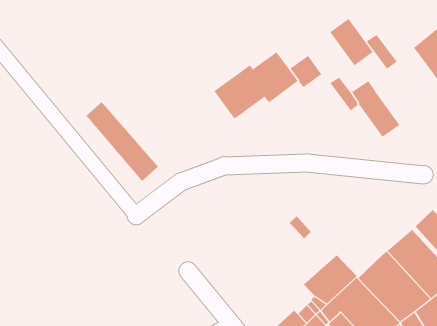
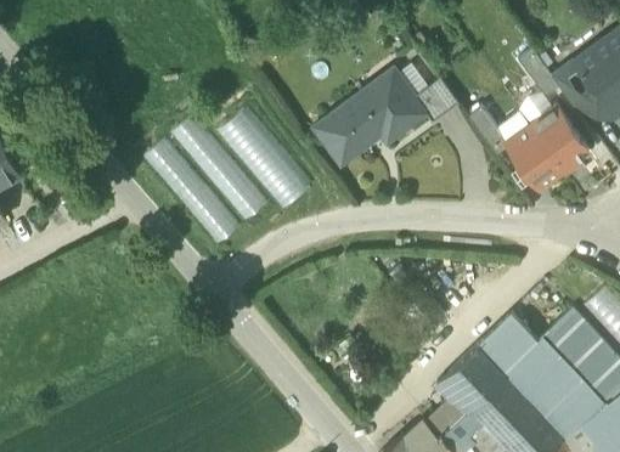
building: [330,18,373,66] -> [530,107,588,171]
building: none -> [558,68,605,119]
building: none -> [214,104,316,216]
building: none -> [169,115,266,224]
building: none -> [478,315,539,375]

